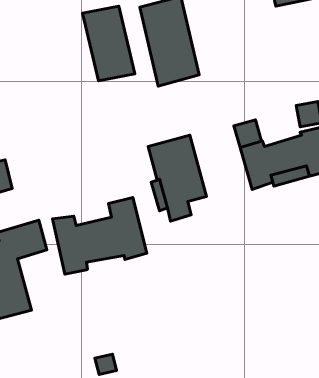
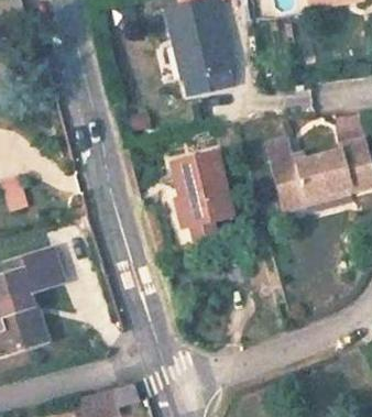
building: [83,6,135,81] -> none
building: [53,197,147,274] -> none

